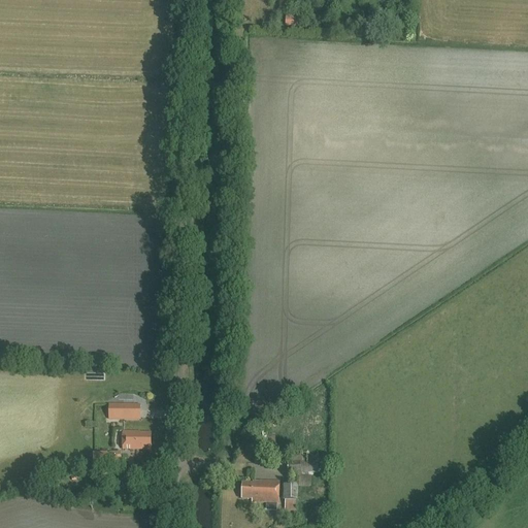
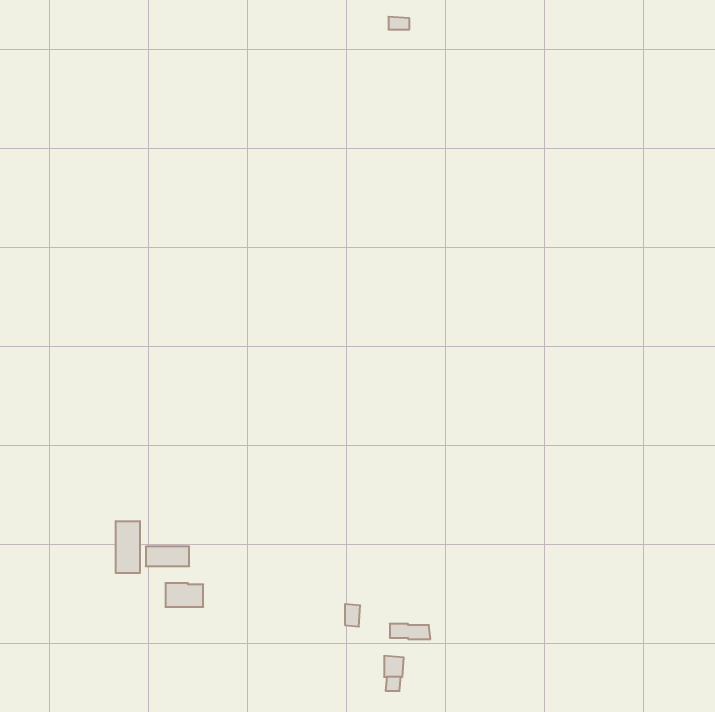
building: none -> [116,521,140,573]
building: [241,478,278,508] -> none

